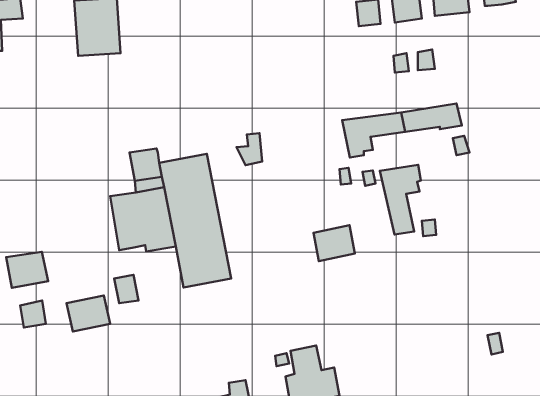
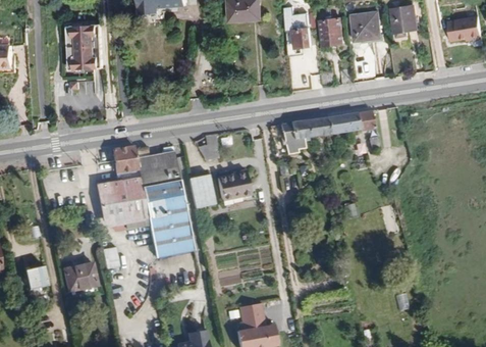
building: [380,165,421,235] -> none
building: none -> [188,179,213,210]
building: [314,225,355,261] -> [218,171,251,200]
building: [6,252,48,288] -> none

